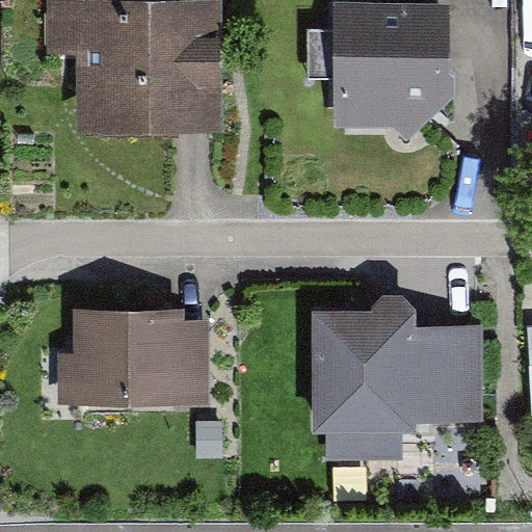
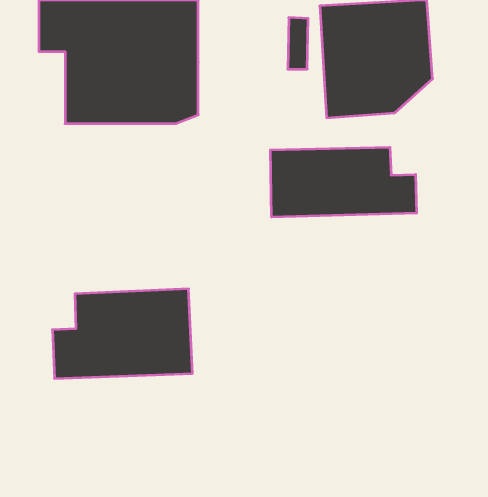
building: none -> [270,147,417,217]
building: [323,291,478,454] -> none

